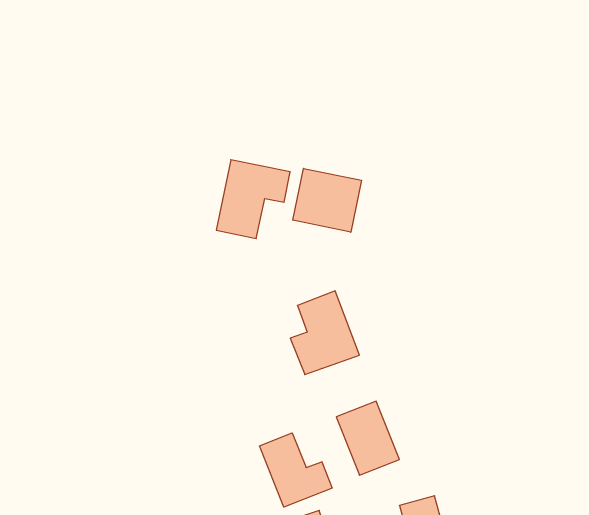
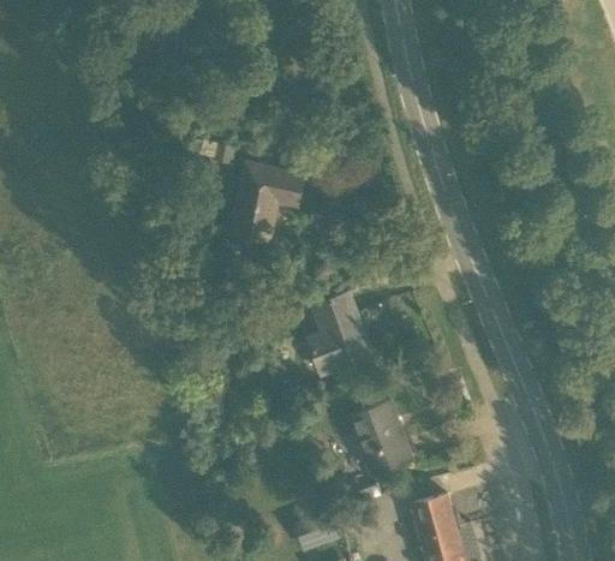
building: [293,168,361,232] -> none
building: [260,433,332,507] -> none

